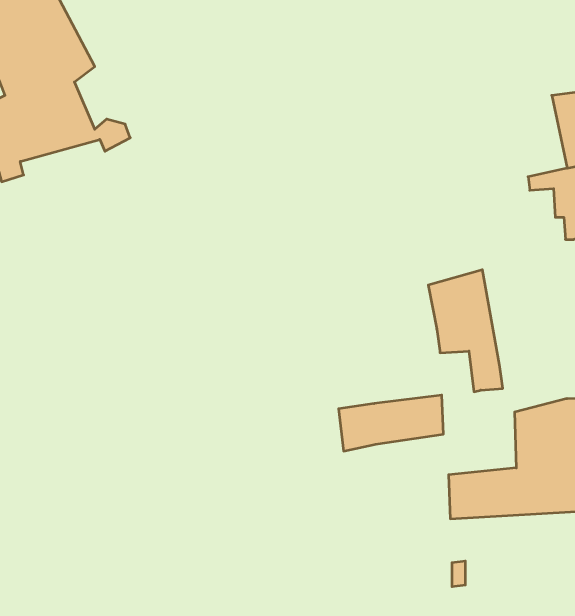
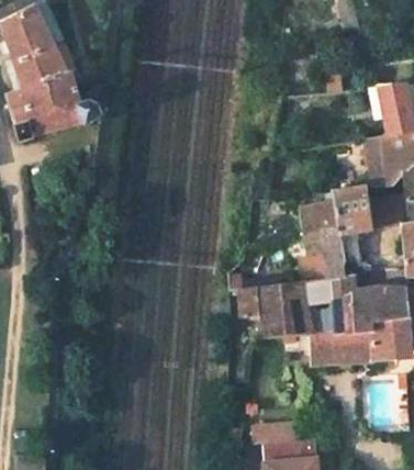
building: none -> [329,181,370,261]
building: none -> [262,275,354,339]

